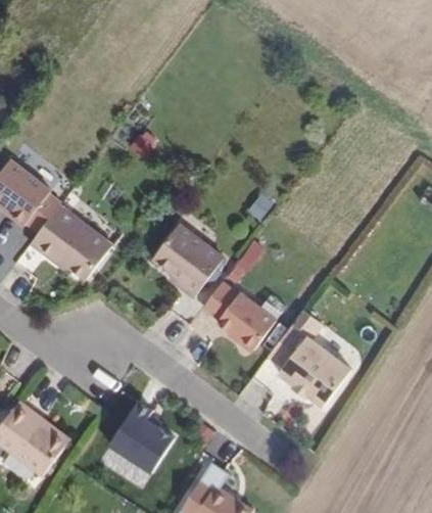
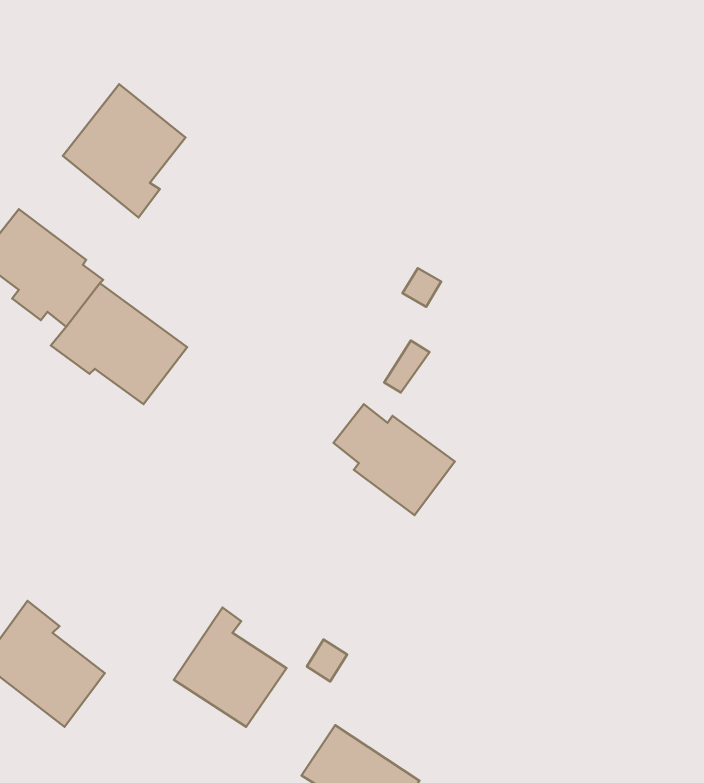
building: none -> [63,84,185,217]
building: [152,221,224,293] -> none
building: [269,307,349,405] -> none

